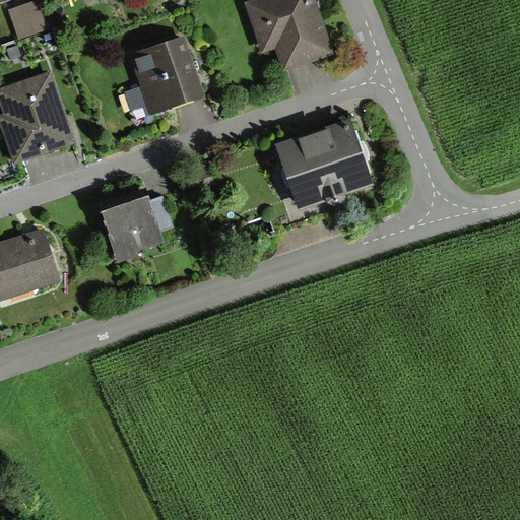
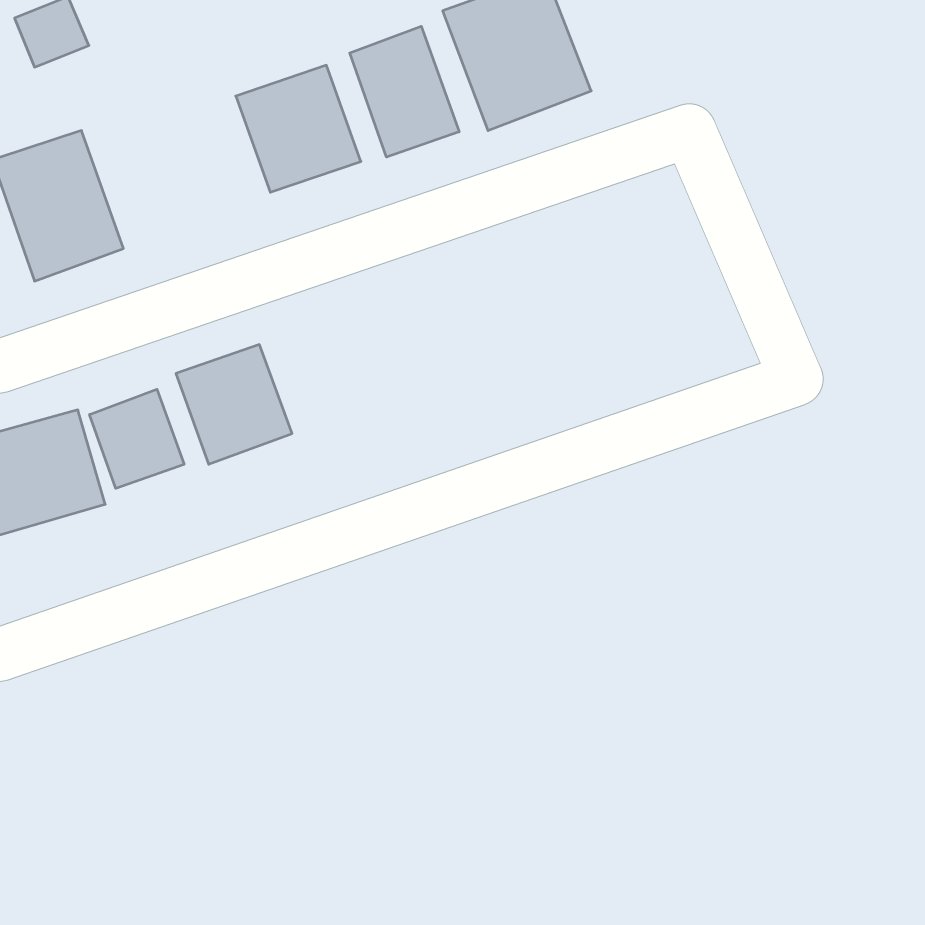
building: none -> [350,26,459,157]
building: [277,119,372,205] -> none
building: none -> [90,389,184,488]

